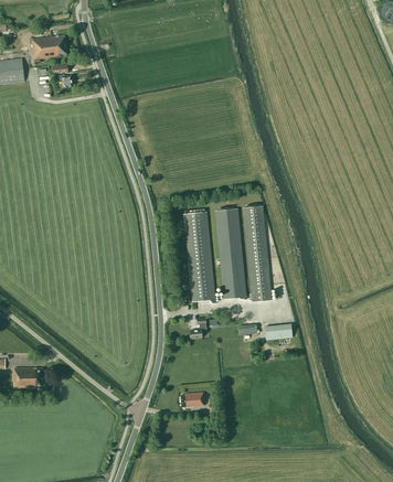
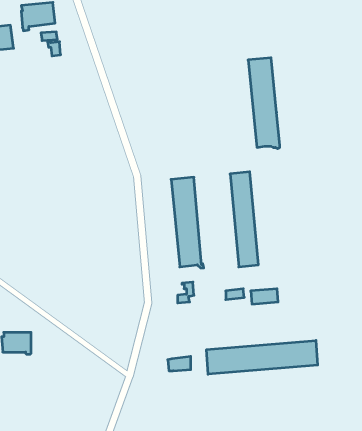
building: [214,207,246,299] -> [248,58,280,149]
building: none -> [207,340,318,374]

